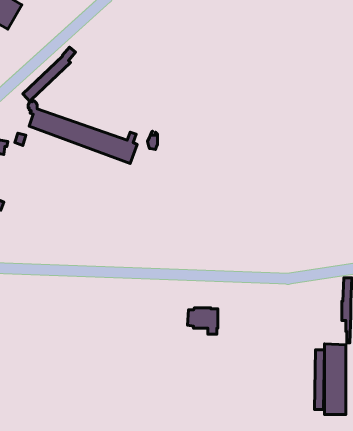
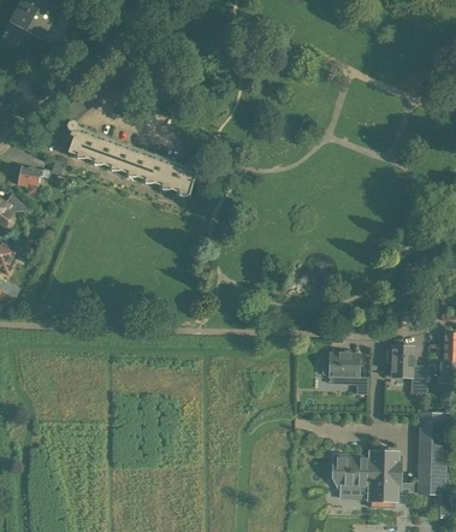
building: none -> [389,345,421,380]
building: [187,308,218,334] -> [321,353,357,384]
building: none -> [334,451,399,501]

